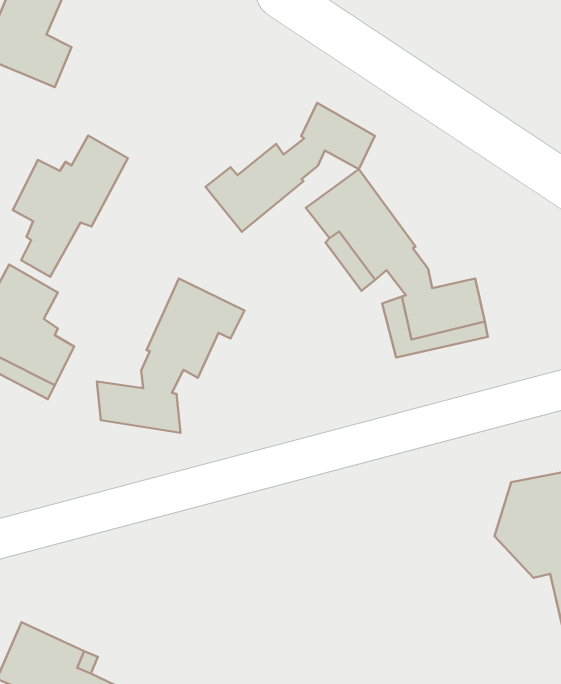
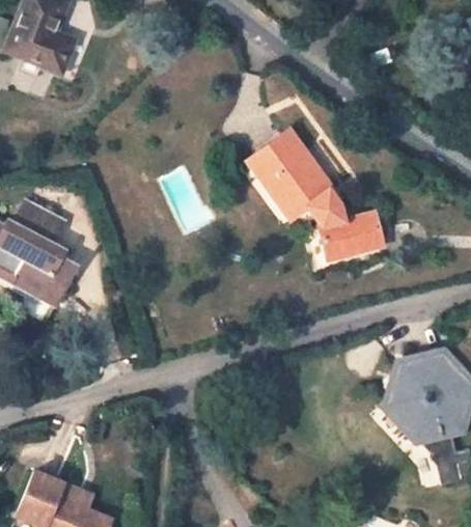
building: [205,103,375,232] -> none
building: [13,135,128,277] -> none
building: [97,278,244,433] -> none

